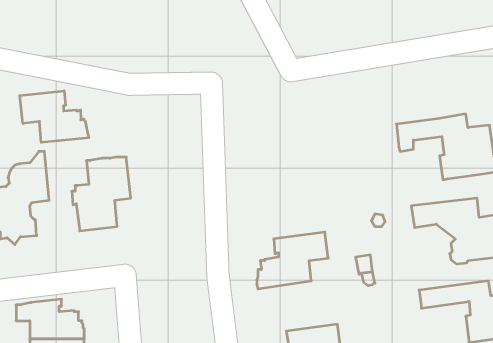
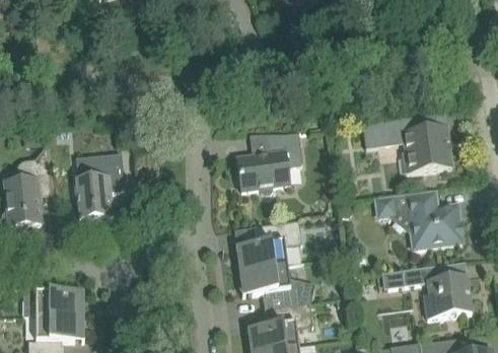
building: [20,91,89,142] -> none
building: none -> [236,132,302,195]
building: none -> [238,264,314,308]

